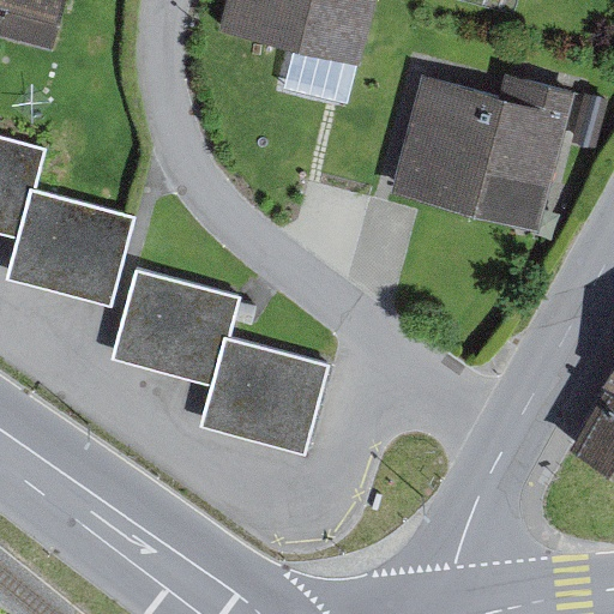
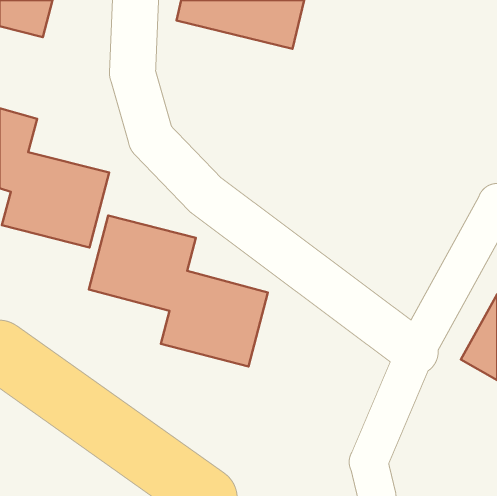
building: [391,72,574,229] -> none

